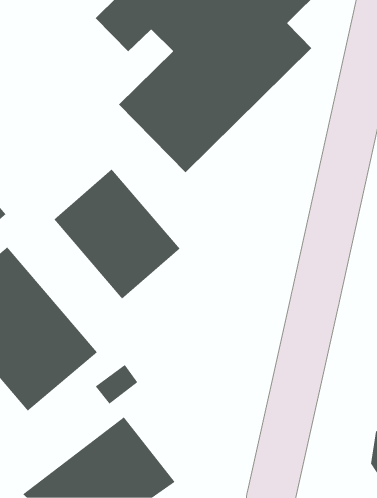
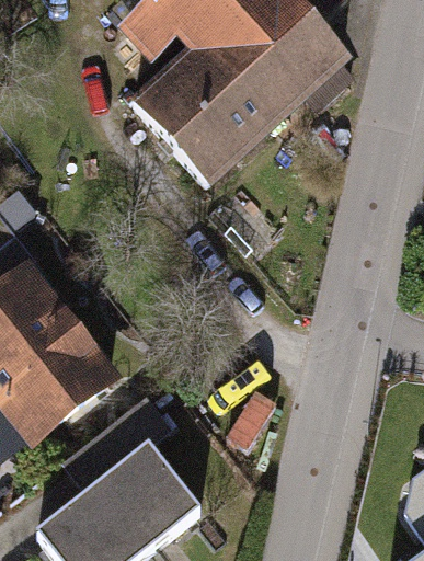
building: [53,168,180,299] -> none

